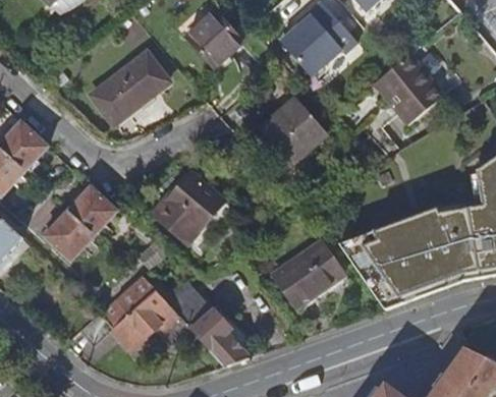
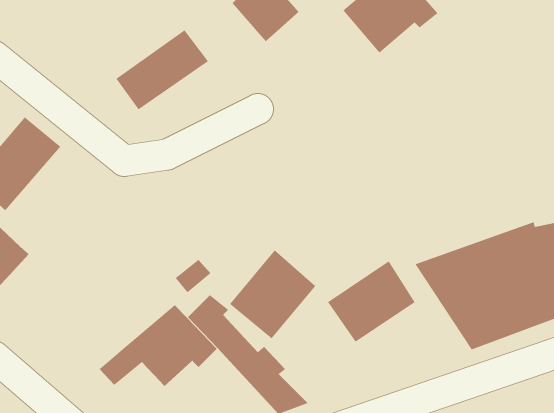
building: [375,50,444,122] -> none
building: [257,93,328,165] -> none
building: [158,173,228,245] -> [229,250,316,339]
building: [51,184,123,260] -> none

